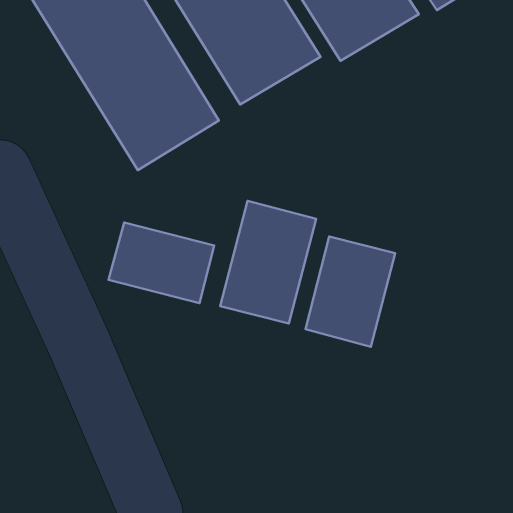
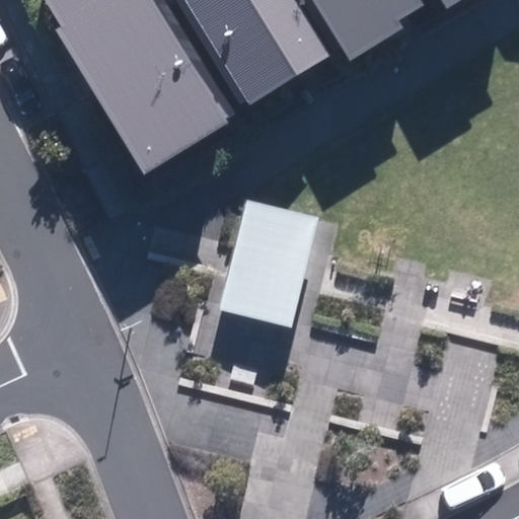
building: [109,222,214,303] -> none
building: [305,237,395,347] -> none

